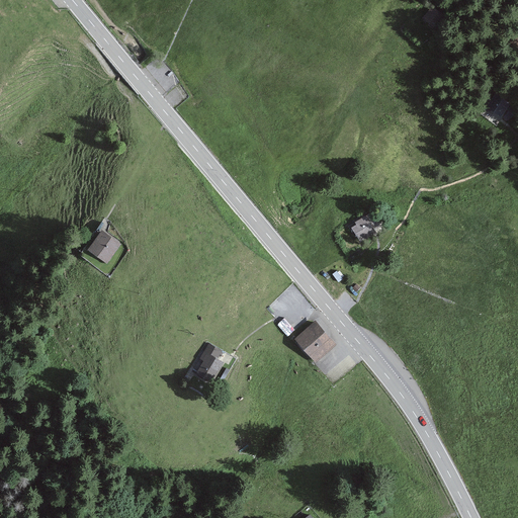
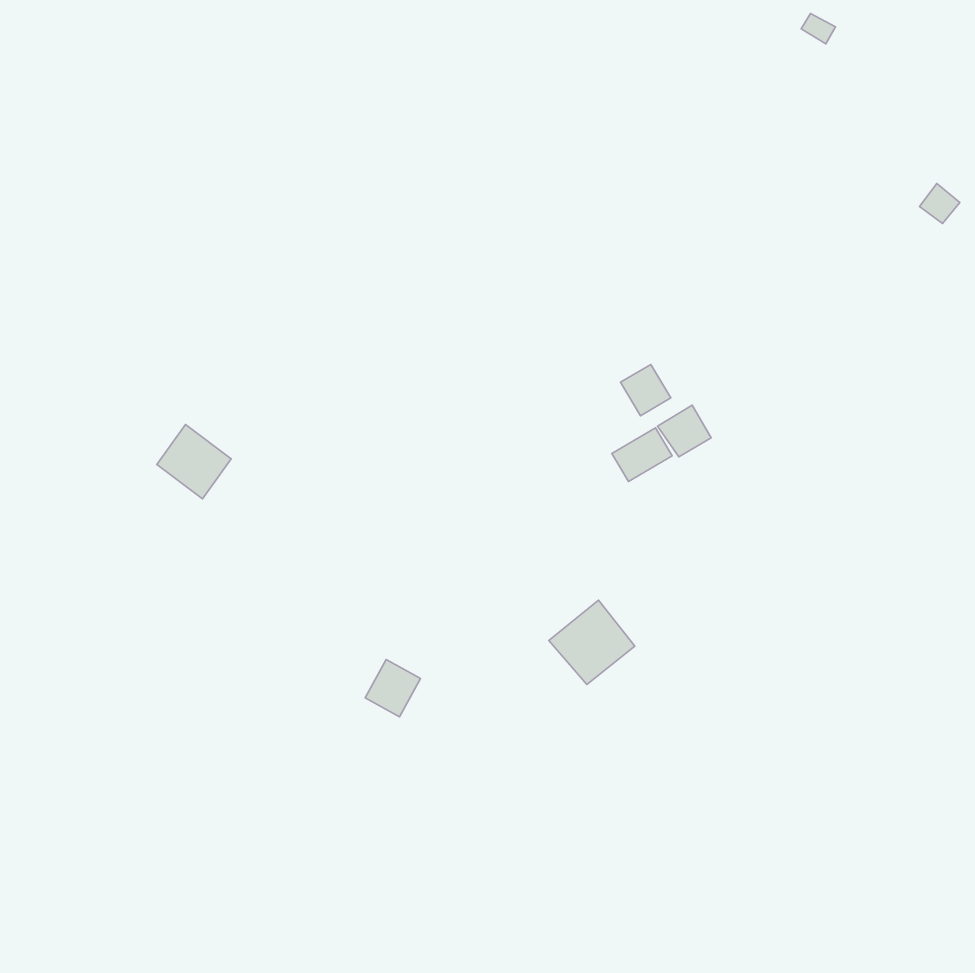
building: none -> [621,364,671,416]
building: none -> [612,428,672,482]

